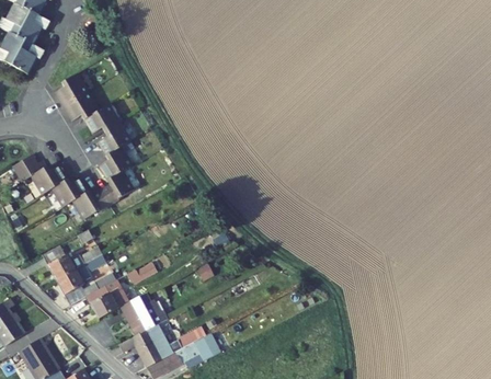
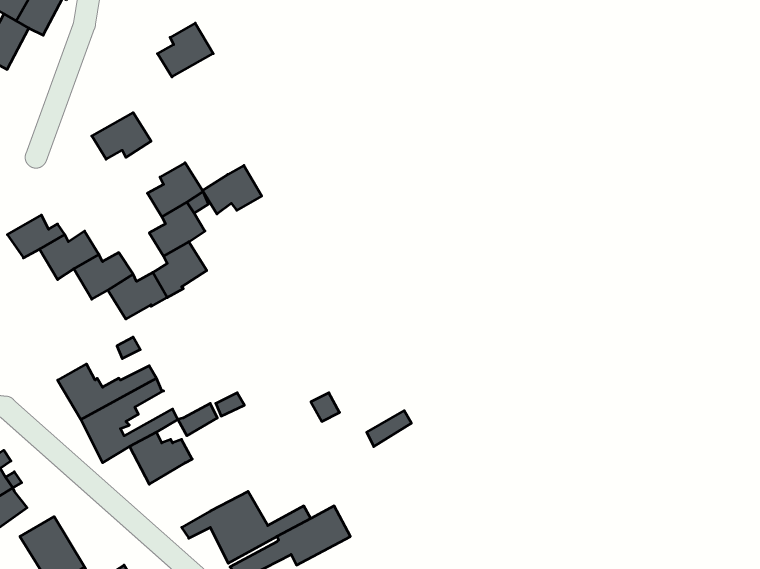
building: [11,41,43,73] -> none
building: [54,73,88,106] -> [157,23,213,77]
building: [83,104,119,134] -> [203,165,262,214]
building: [119,292,167,335] -> none

